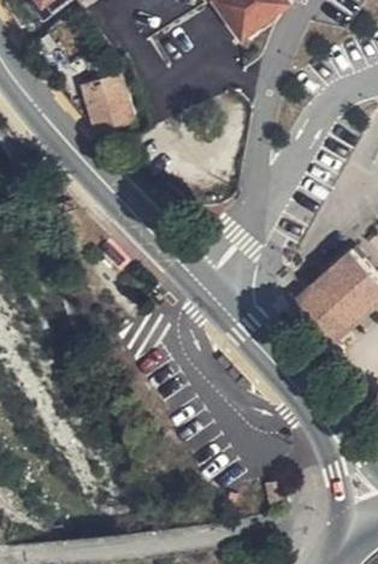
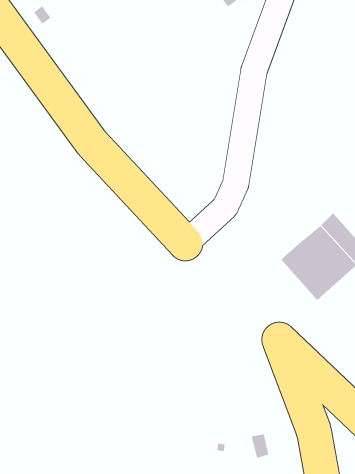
building: [81,71,134,130] -> none

